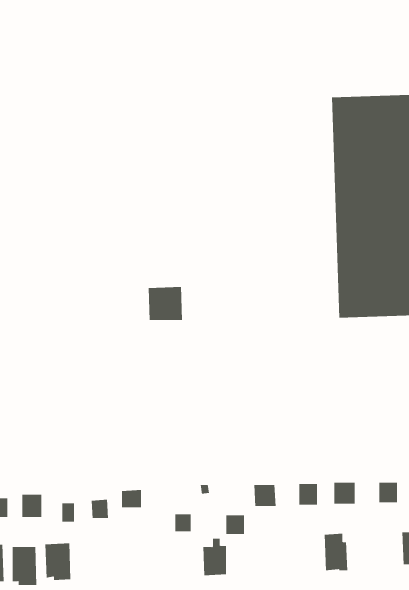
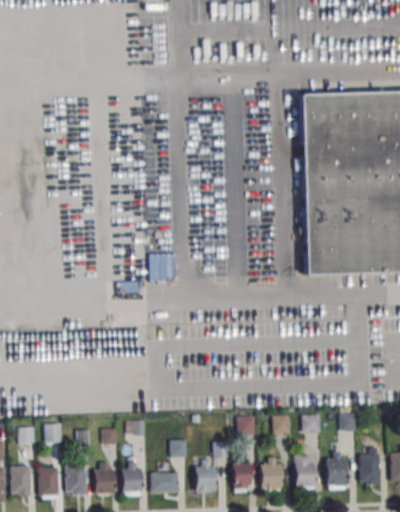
building: none -> [326,450,346,485]
building: none -> [260,456,283,487]
building: none -> [122,459,142,494]
building: none -> [95,460,114,492]
building: none -> [233,461,251,487]
building: none -> [150,470,180,491]

